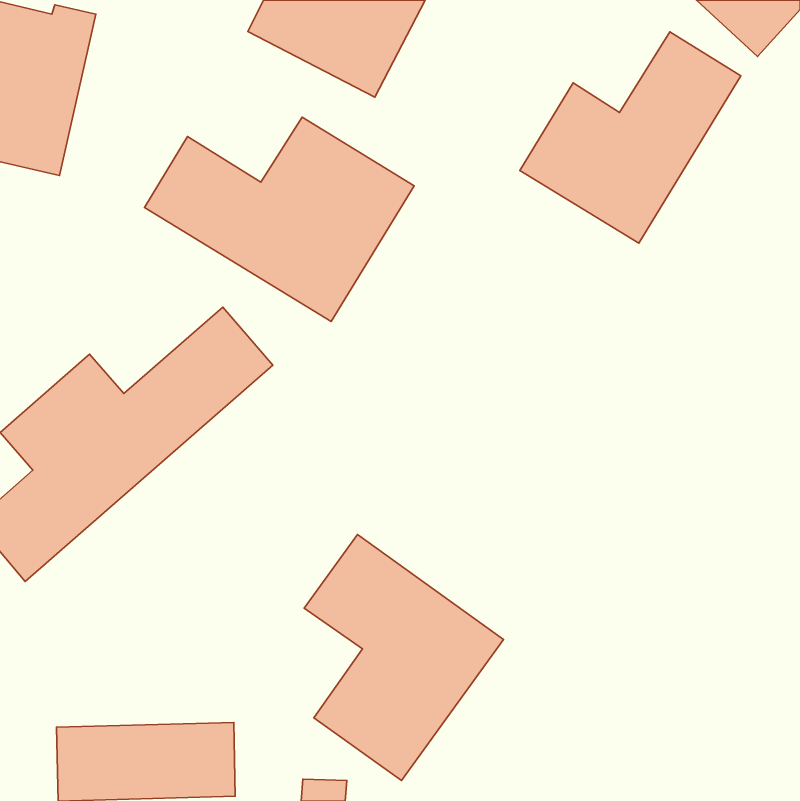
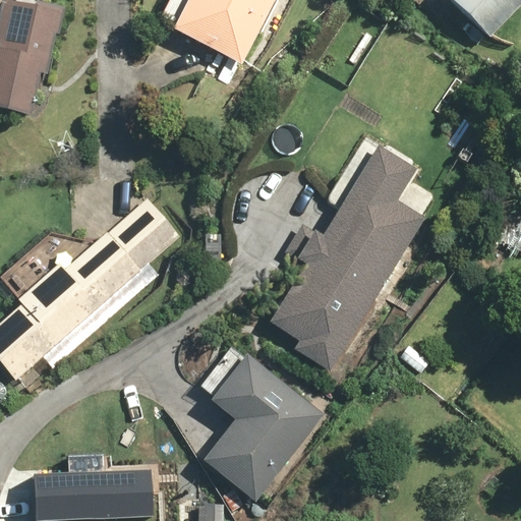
building: [520,32,741,243] -> none
building: [144,117,414,322] -> none
building: none -> [271,149,424,374]

